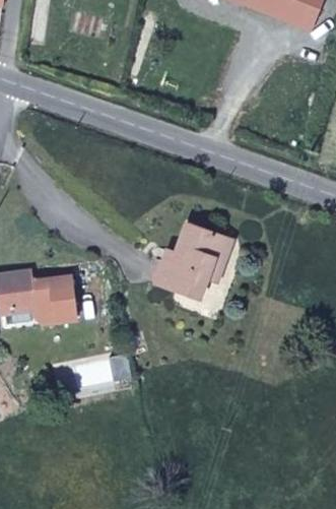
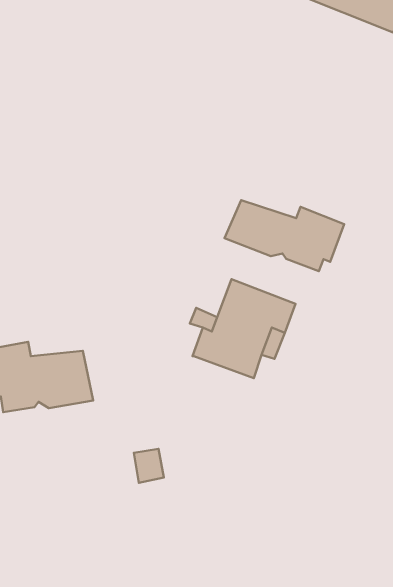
building: none -> [225,200,344,271]

